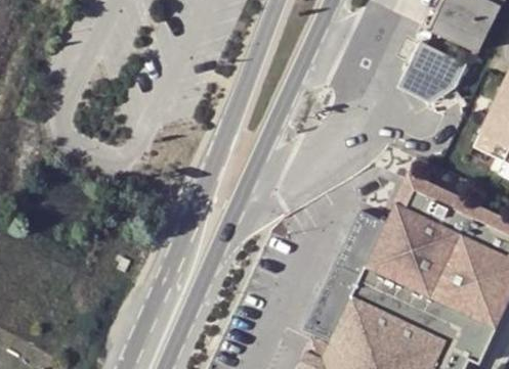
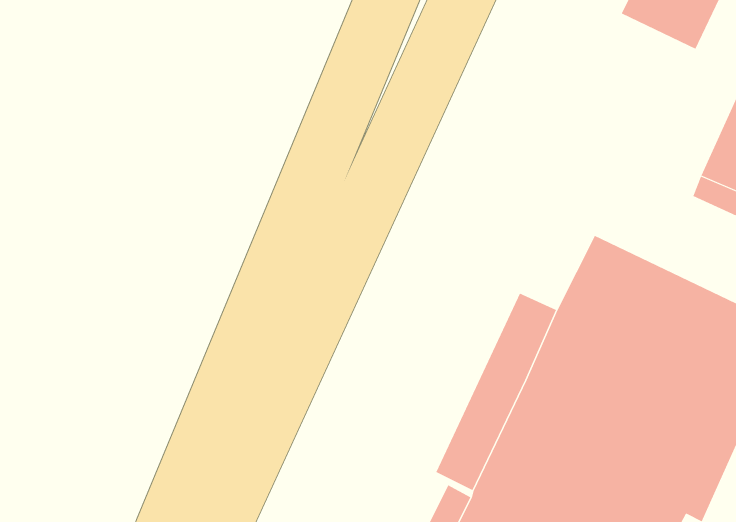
building: [400,41,467,102] -> none

